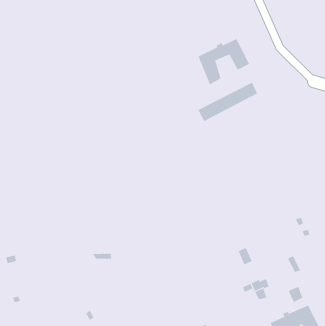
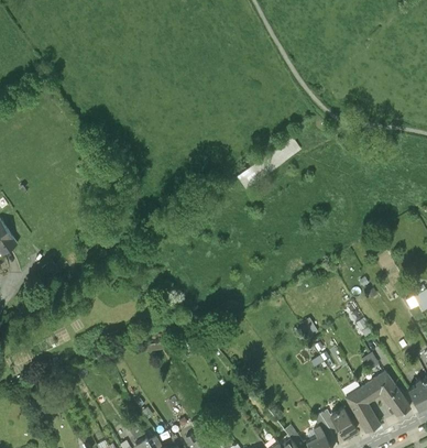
building: [198,38,250,86] -> none

